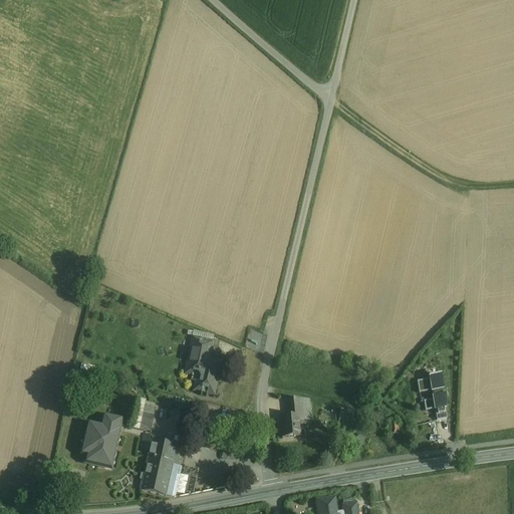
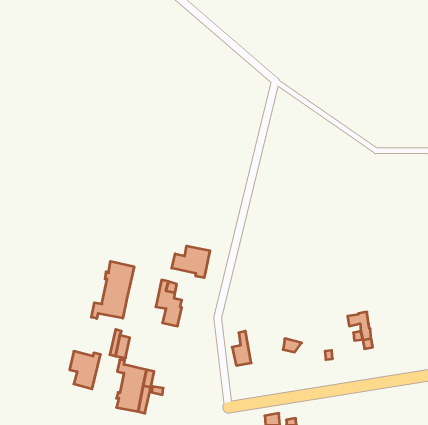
building: none -> [172,246,210,278]
building: none -> [91,261,134,319]
building: [294,395,312,423] -> none

